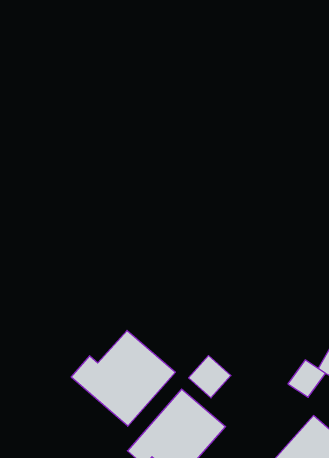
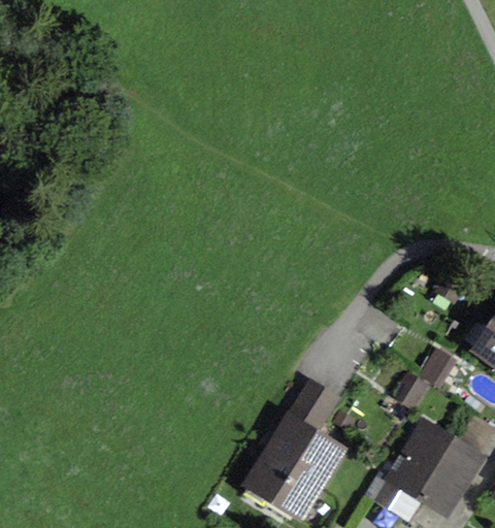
building: [71,330,175,426] -> none

